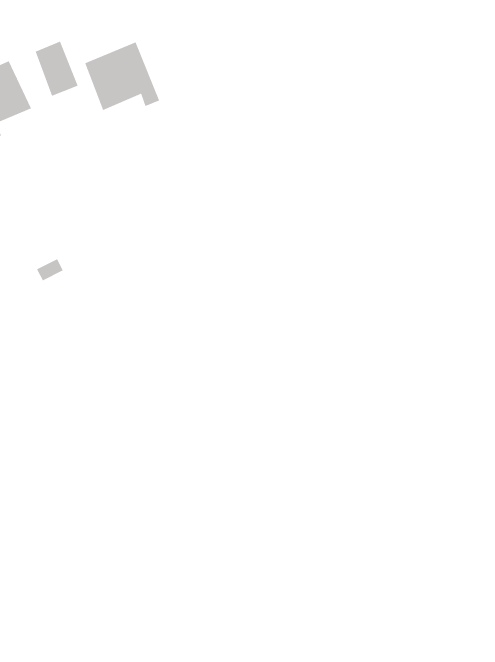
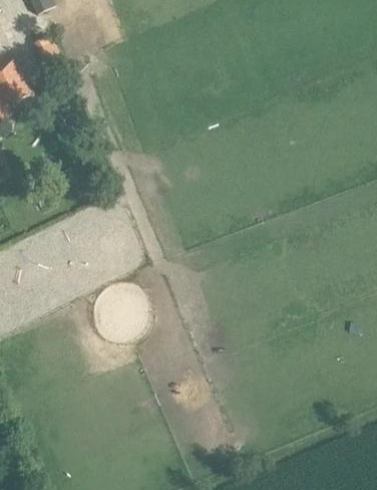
building: [84,42,160,111] -> none

